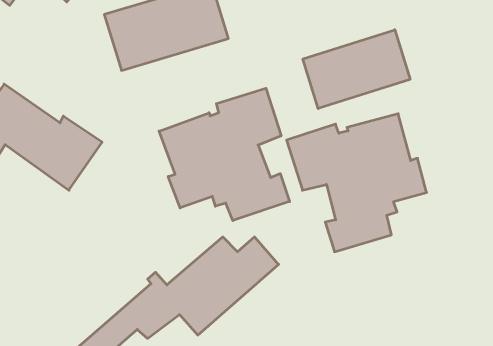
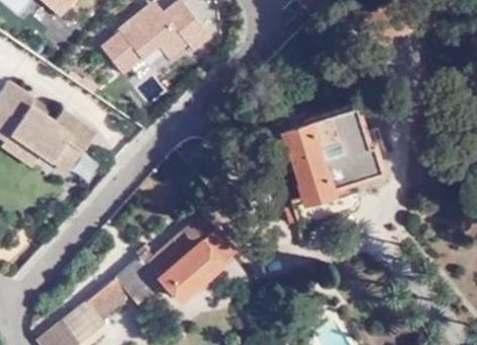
building: [303,30,410,109] -> none
building: [159,88,290,221] -> none

